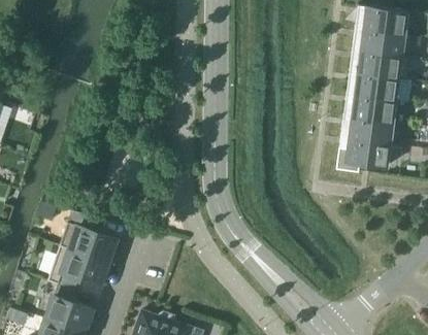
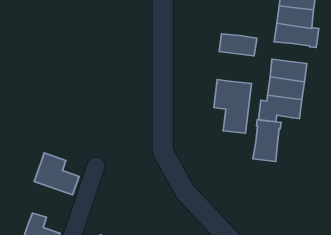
building: [352,73,398,100] -> [219,34,257,56]
building: none -> [214,79,252,133]
building: none -> [253,120,281,162]
building: [57,245,106,290] -> none

